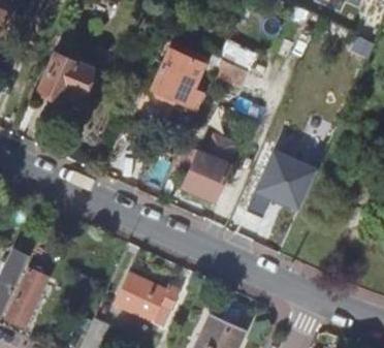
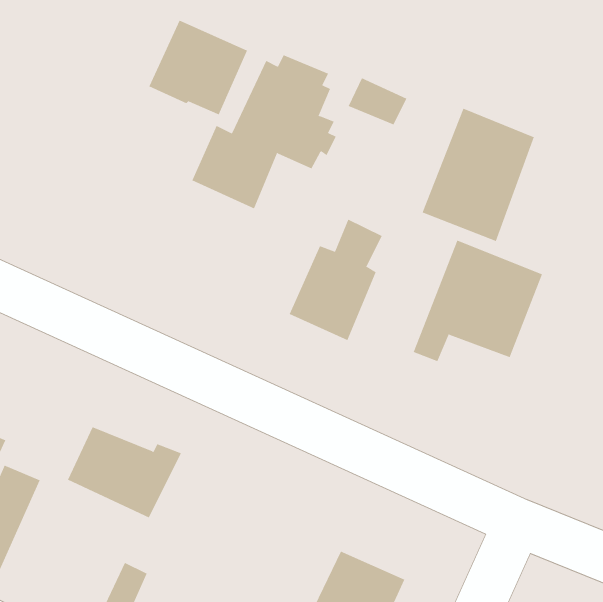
building: [40,53,94,104] -> [148,20,248,115]
building: none -> [422,108,534,242]
building: [116,273,178,322] -> [67,426,182,518]

